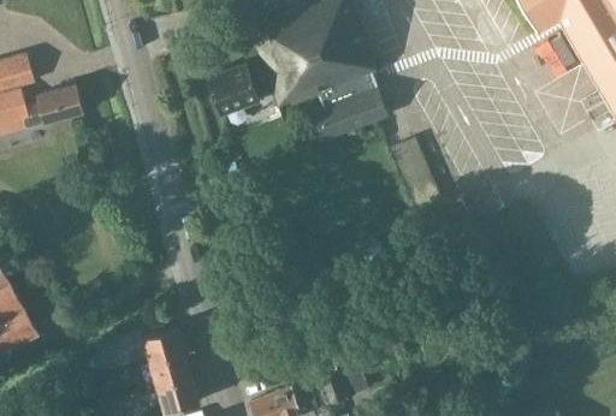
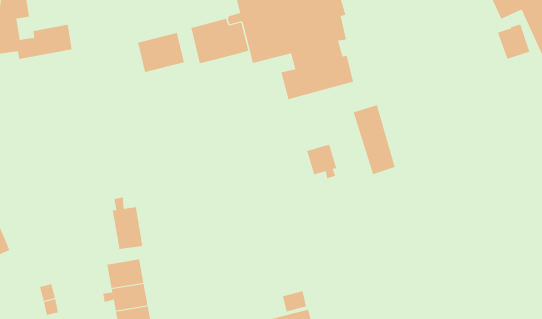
building: none -> [138,32,185,73]
building: none -> [306,144,337,179]
building: none -> [112,197,143,250]

